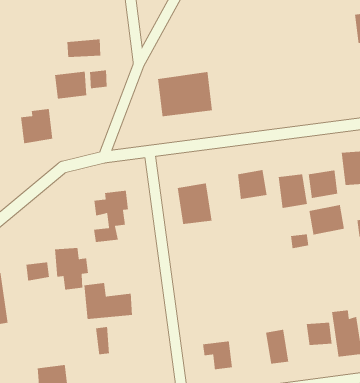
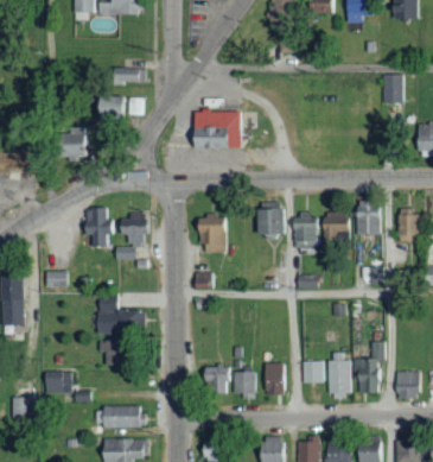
building: [309,204,345,236] -> none
building: [54,247,89,291] -> [85,208,116,248]
building: none -> [235,371,256,397]

